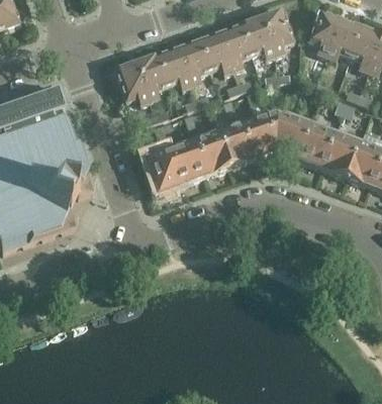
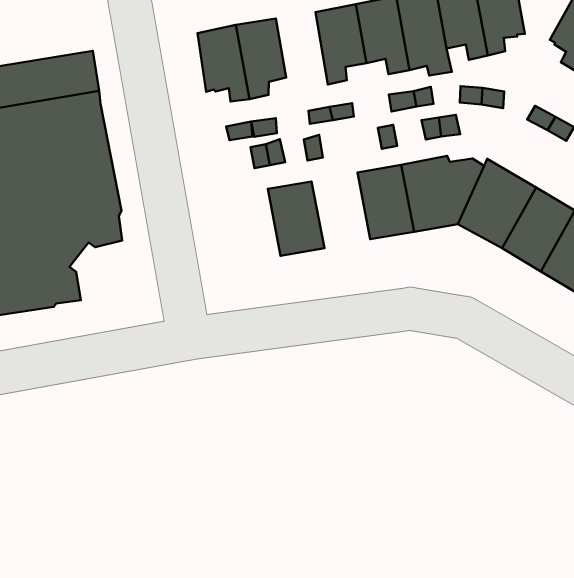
building: [156,46,190,89] -> none
building: [190,130,227,175] -> none
building: [146,147,180,191] -> none

